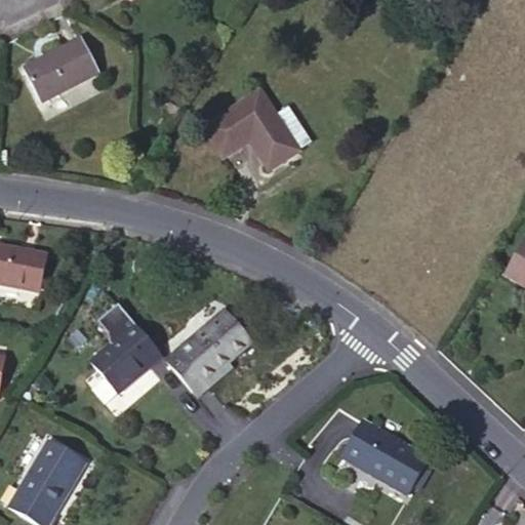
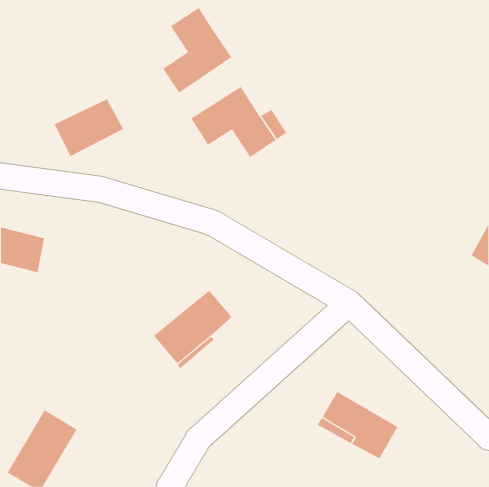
building: none -> [162,7,232,93]
building: [23,40,97,103] -> [54,98,124,157]
building: [90,304,161,393] -> none

